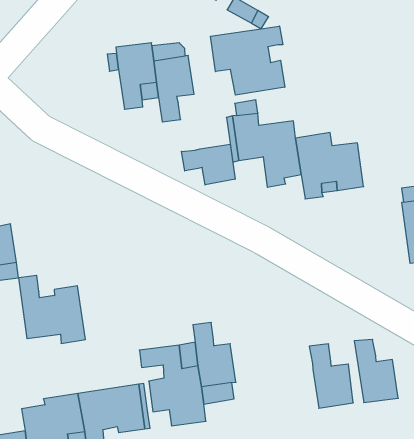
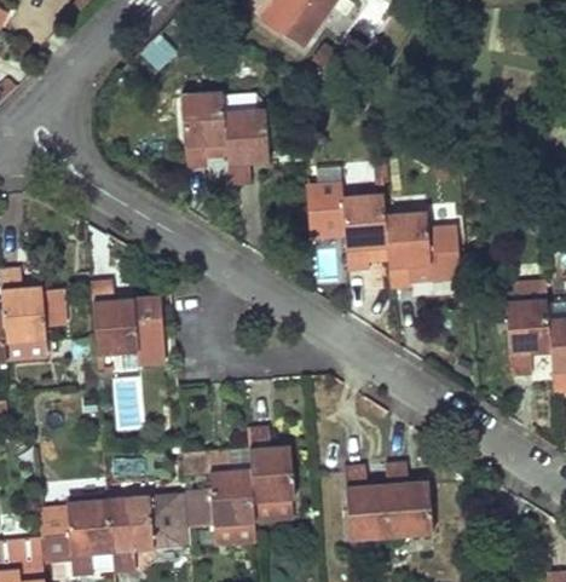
building: [211,26,285,95] -> none
building: [181,144,235,185] -> none
building: [18,275,85,343] -> [92,280,166,362]
building: [354,339,398,403] -> [343,465,391,538]

